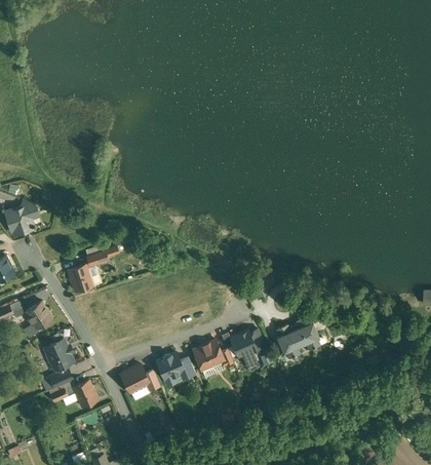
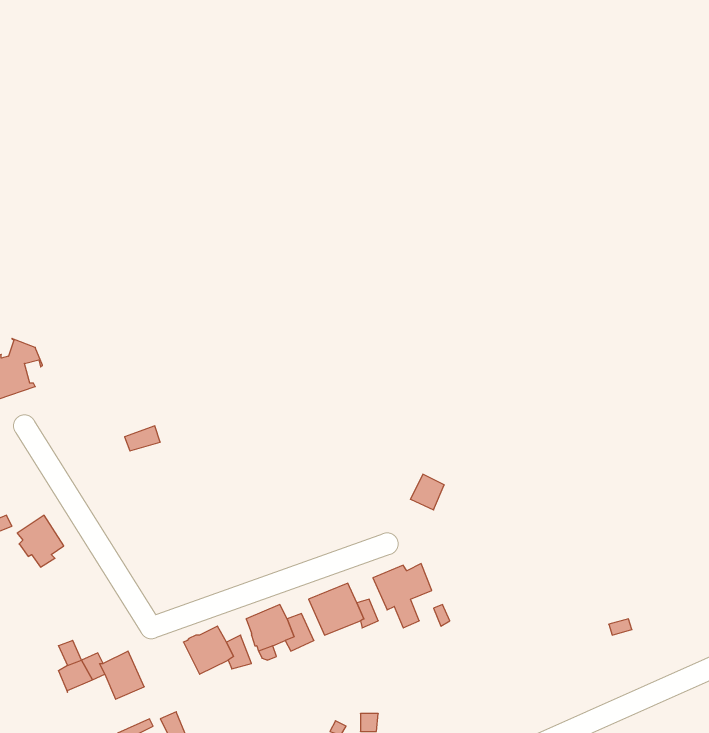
building: [69,265,93,292] -> none
building: [276,316,320,359] -> none
building: [44,340,74,371] -> none

